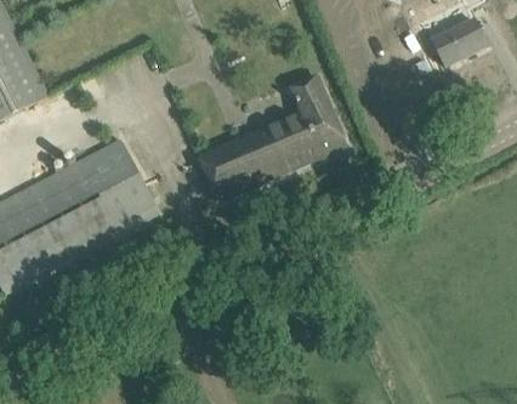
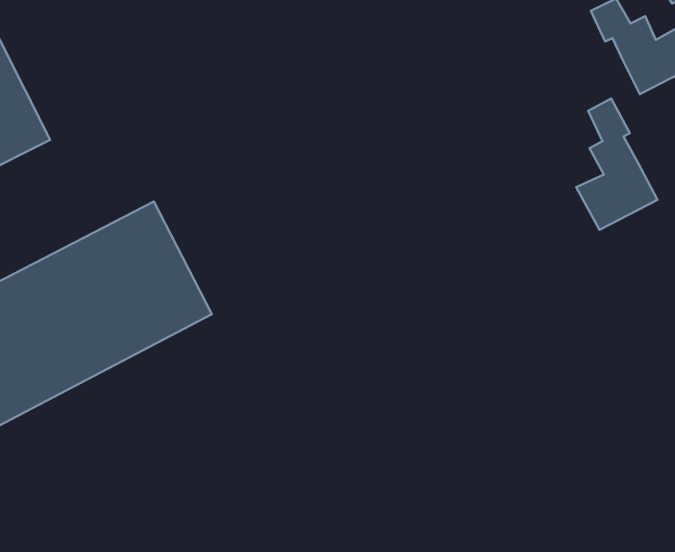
building: none -> [576,99,657,230]
building: [199,76,346,200] -> none

